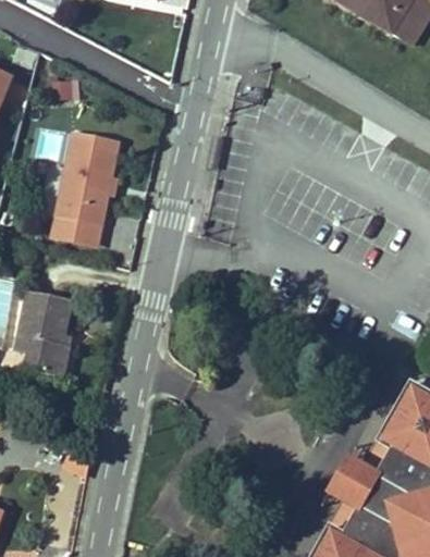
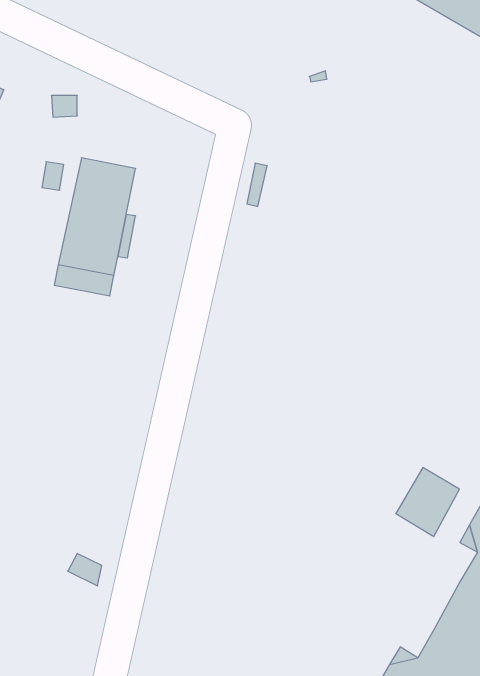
building: [14,290,73,379] -> none
building: [327,455,378,510] -> [396,468,459,537]

